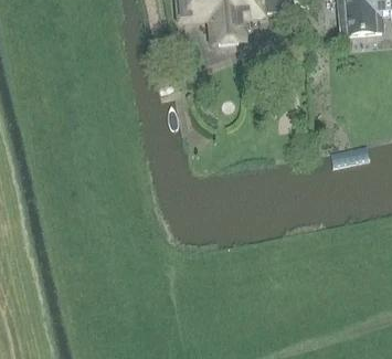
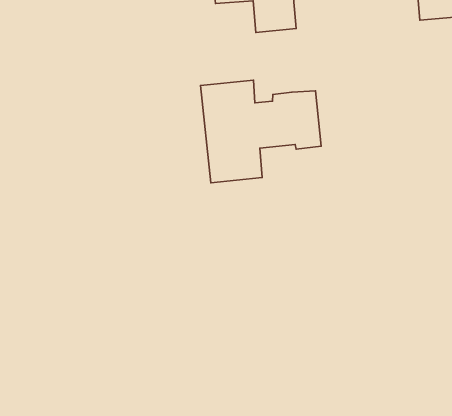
building: none -> [201,80,321,183]

